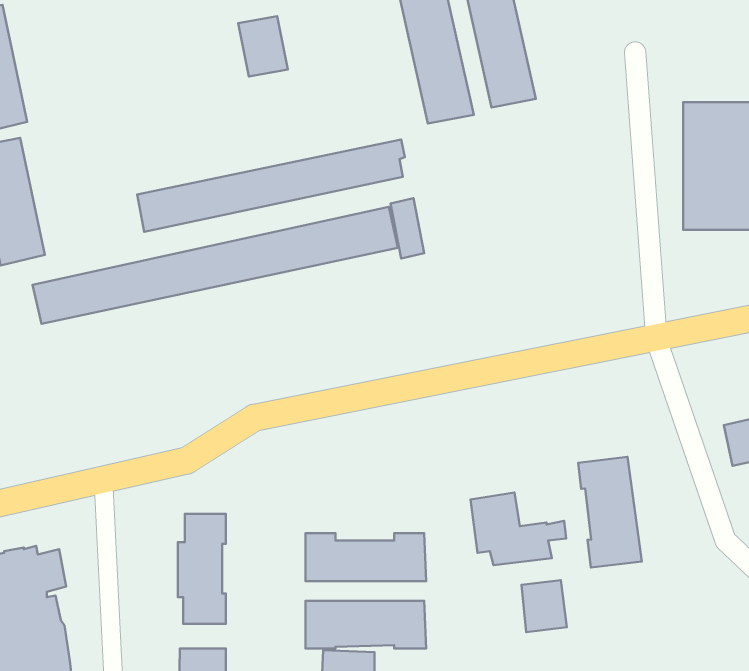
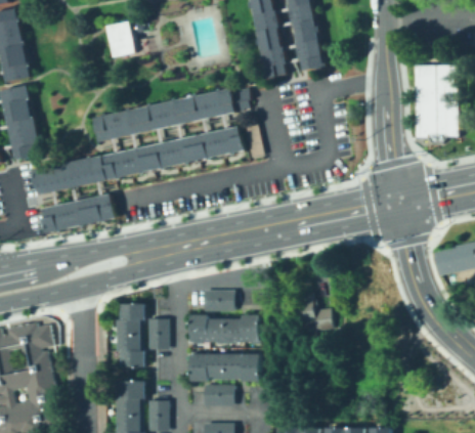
building: [238,16,288,76] -> [104,19,133,54]
building: none -> [40,194,116,232]
building: [578,457,642,568] -> none
building: none -> [202,288,231,310]
building: none -> [146,316,166,347]
building: [521,580,567,632] -> none

